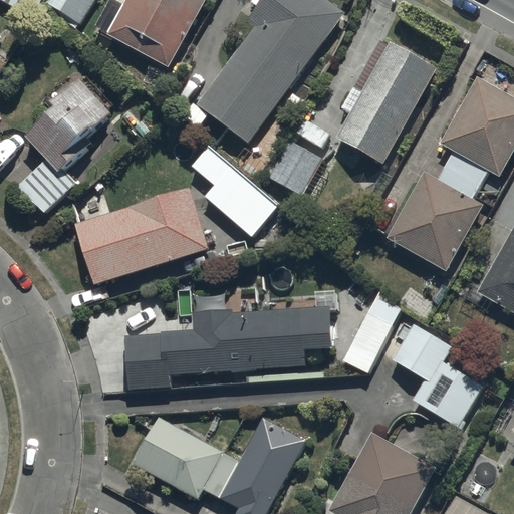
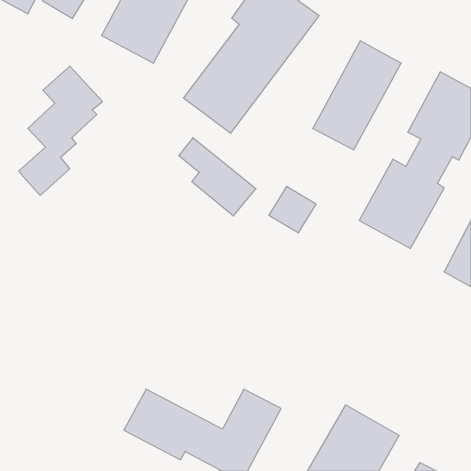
building: [267,143,318,193] -> [269,186,316,233]
building: [77,194,204,282] -> none
building: [342,296,400,370] -> none
building: [123,305,333,387] -> none
building: [393,324,482,424] -> none

